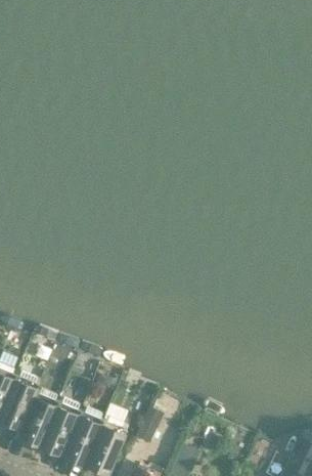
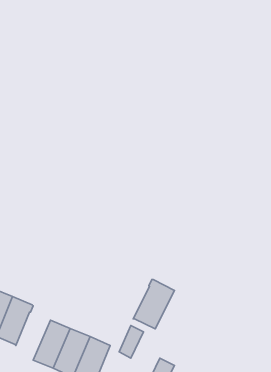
building: none -> [133,279,175,329]
building: [15,394,58,448] -> none

